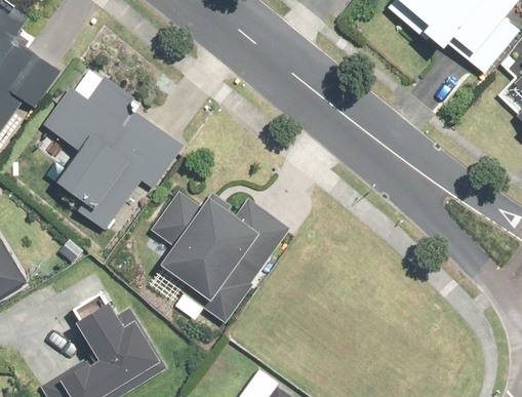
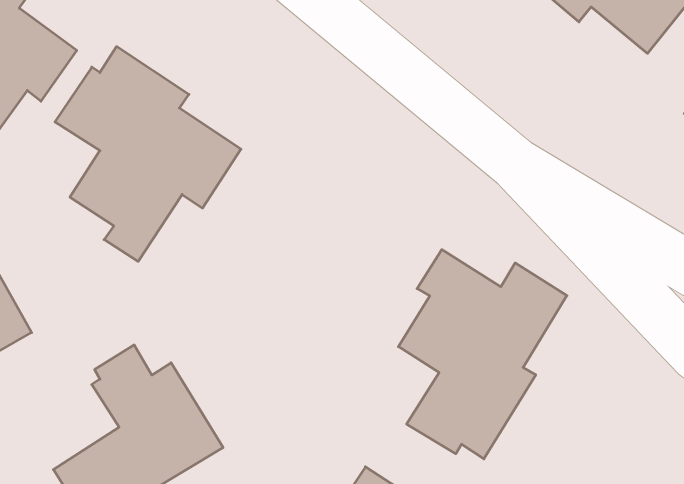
building: [151,194,286,325] -> none
building: none -> [398,250,567,459]

